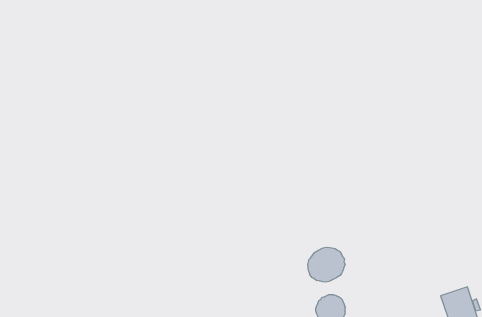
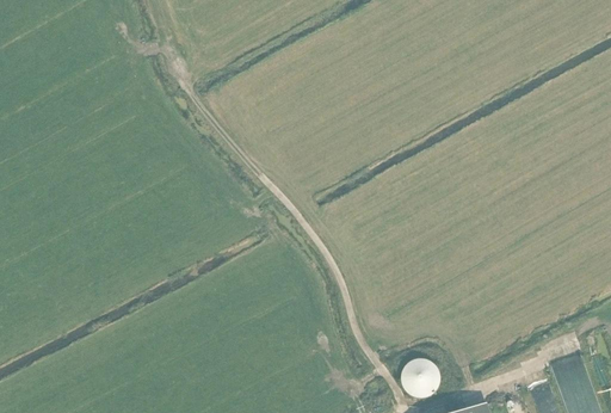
building: [308,247,345,282] -> none

